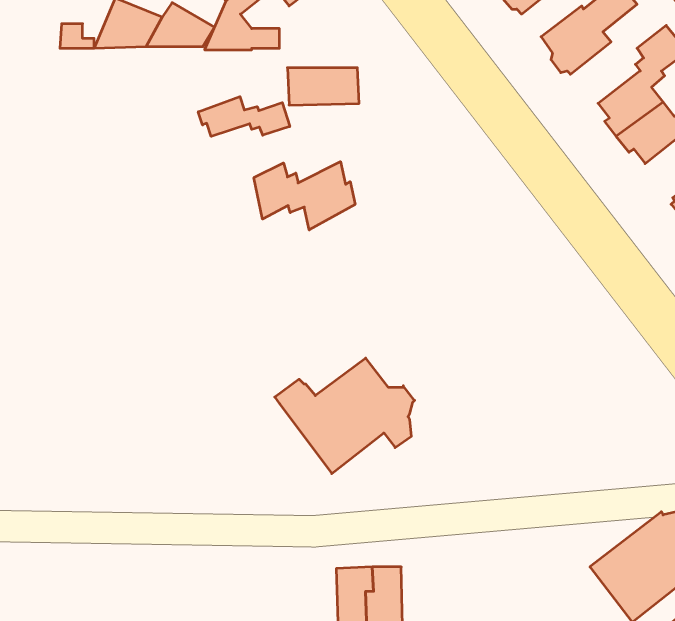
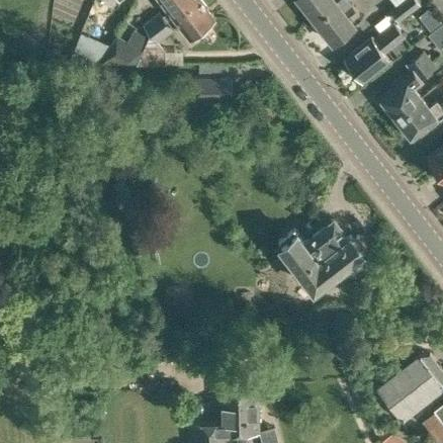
building: [198,97,290,136] -> none
building: [254,162,355,230] -> none
building: [275,358,415,474] -> [278,219,365,291]

